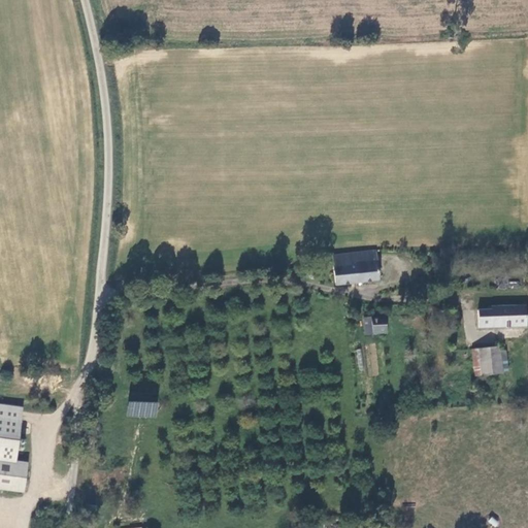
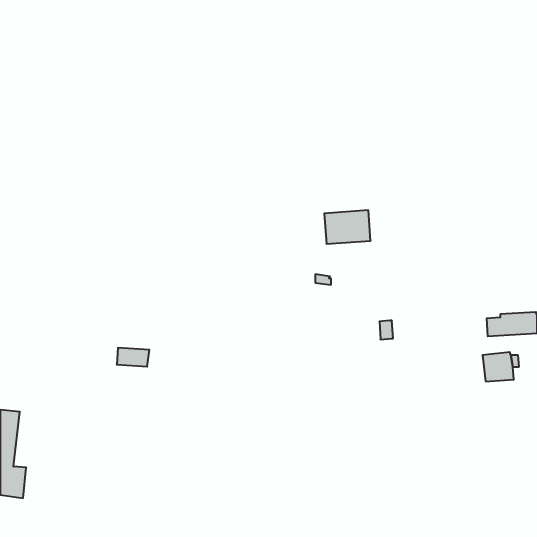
building: [333,252,378,285] -> [324,210,371,244]
building: [127,400,159,419] -> [117,348,149,367]

